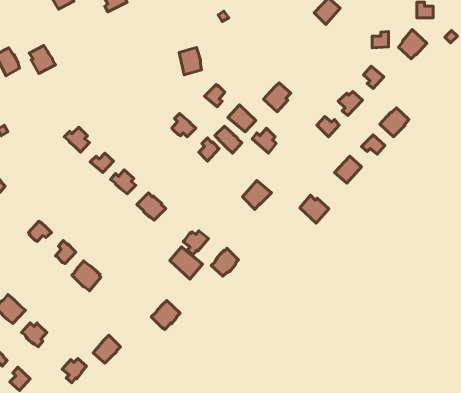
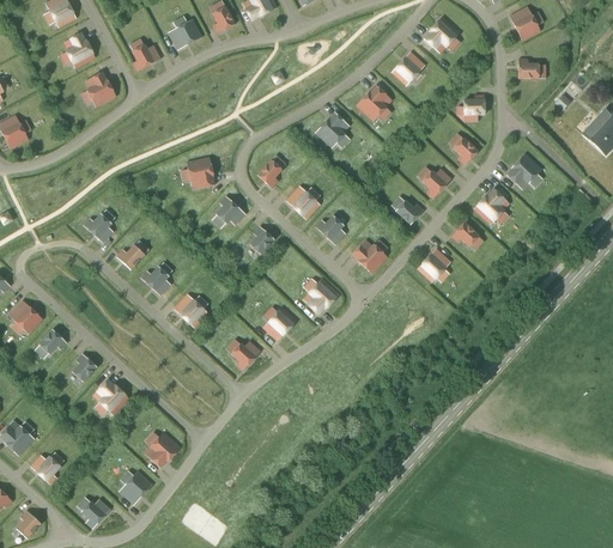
building: none -> [356,85,392,120]
building: [399,30,427,59] -> [506,152,541,188]
building: [29,45,55,73] -> [84,71,116,105]
building: [179,48,201,75] -> [187,156,214,189]
building: [264,83,291,112] -> [315,111,348,147]
building: [215,126,242,153] -> none
building: [300,195,329,223] -> [352,238,388,273]
building: none -> [8,299,43,333]
building: [170,247,202,279] -> none
building: [211,248,238,276] -> [262,305,296,340]
building: [151,300,180,329] -> [144,431,180,467]

